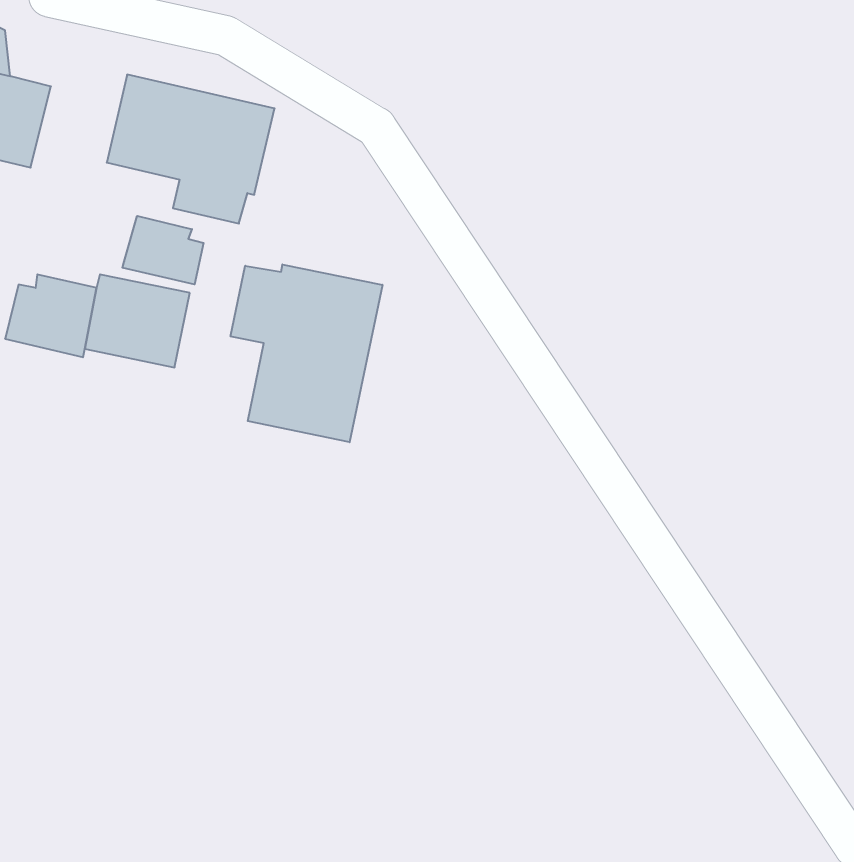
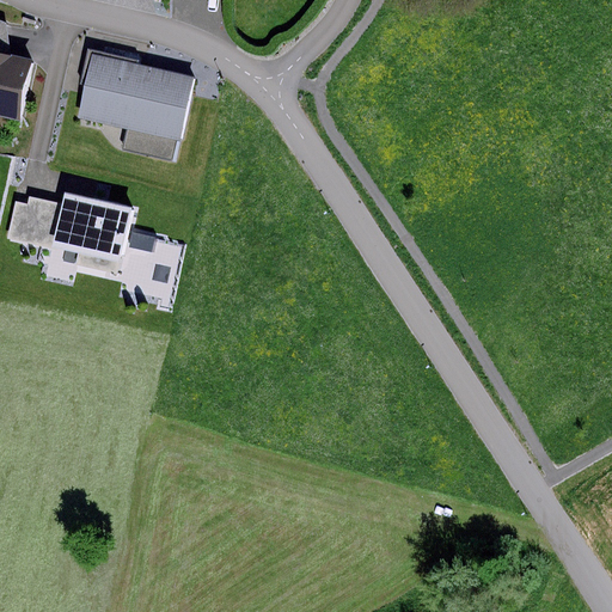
building: [122,216,204,284] -> none
building: [231,264,382,442] -> none

